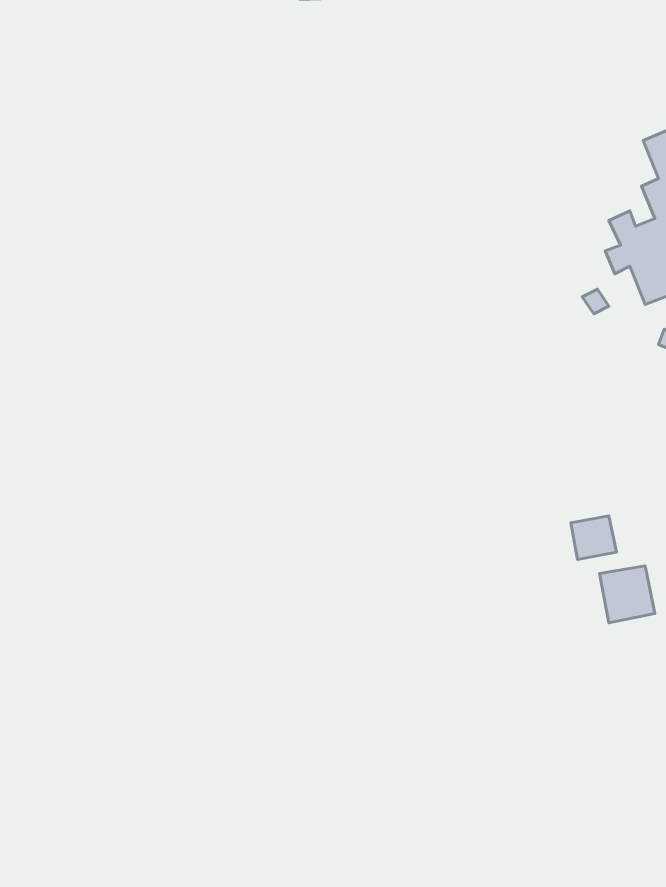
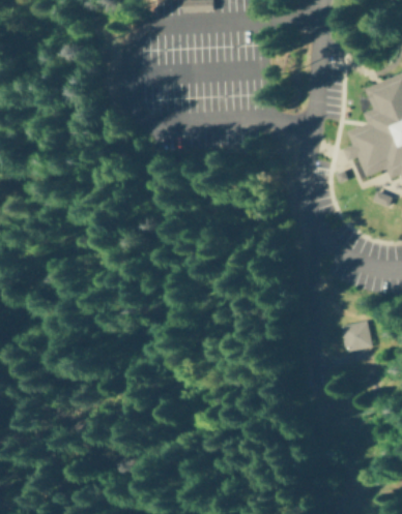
building: [571,516,617,560] -> none

